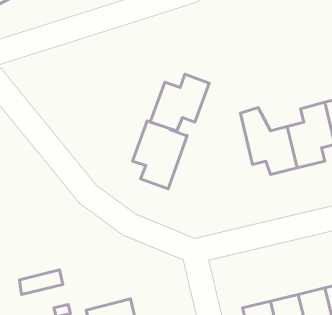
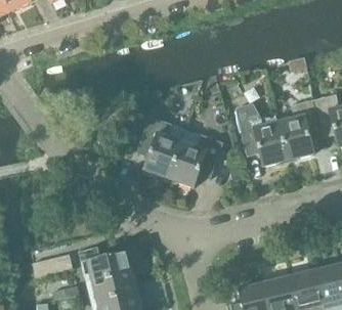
building: [150,74,209,131] -> [169,135,223,187]
building: none -> [78,247,134,291]

